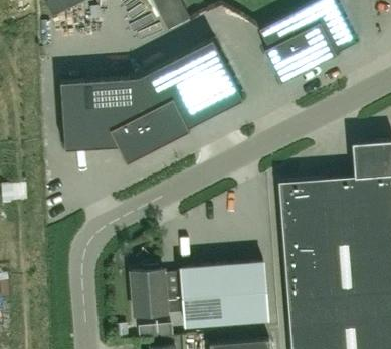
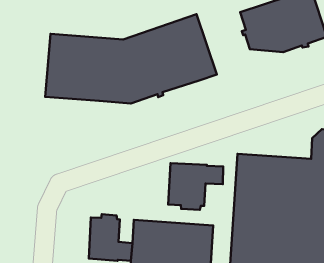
building: none -> [168,163,223,210]

